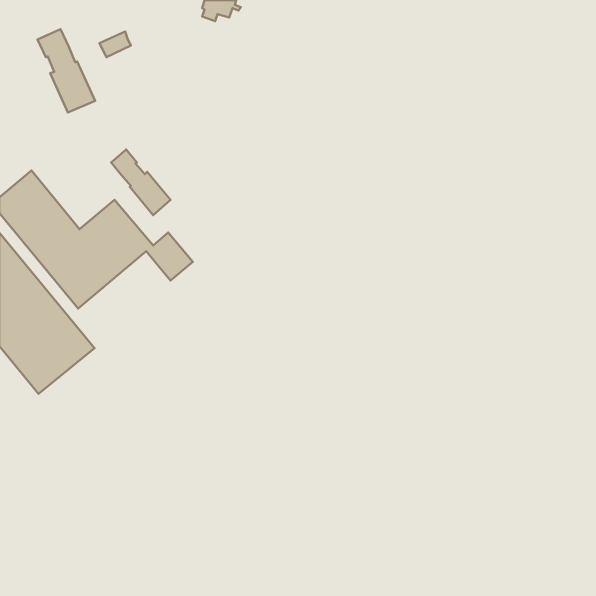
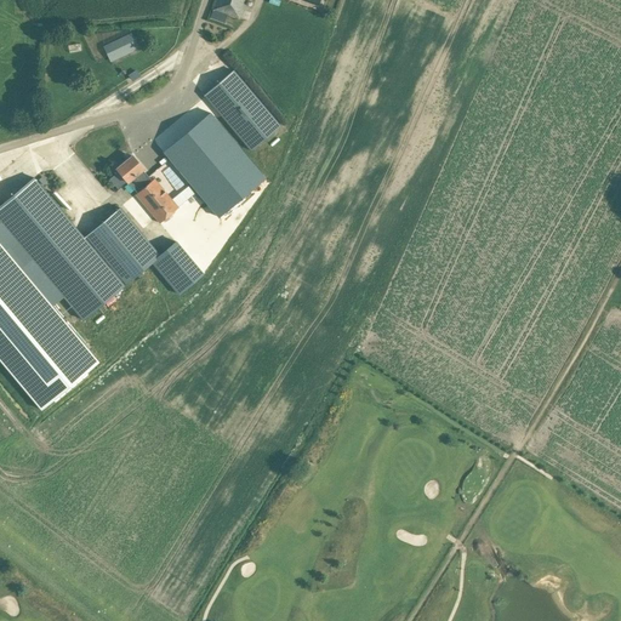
building: [37,29,95,113] -> none
building: none -> [203,72,279,152]
building: none -> [165,110,257,205]

